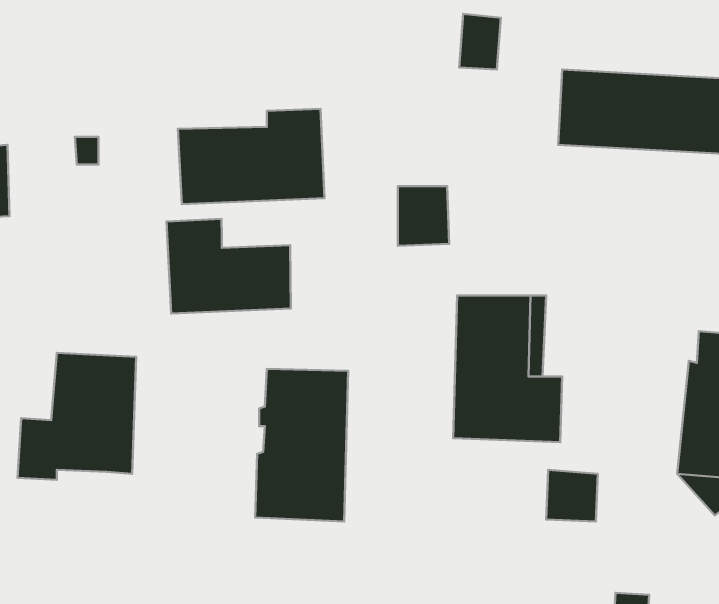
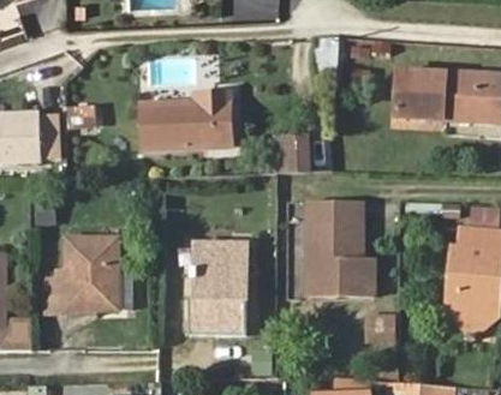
building: [167,219,291,313] -> none

